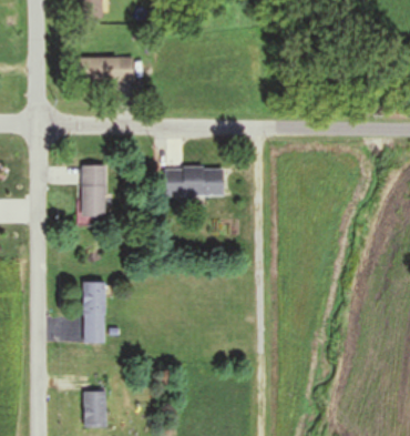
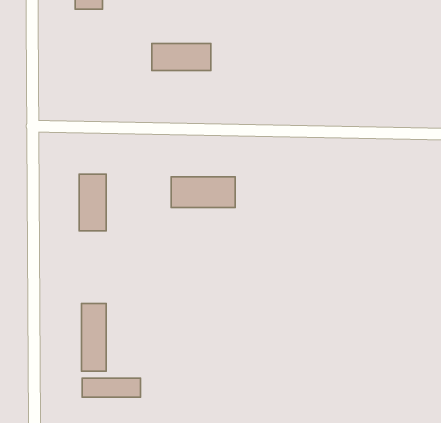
building: [80,57,133,81] -> [152,43,211,70]
building: none -> [82,378,140,397]

